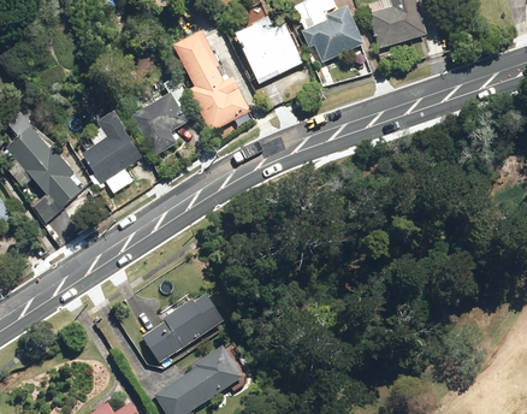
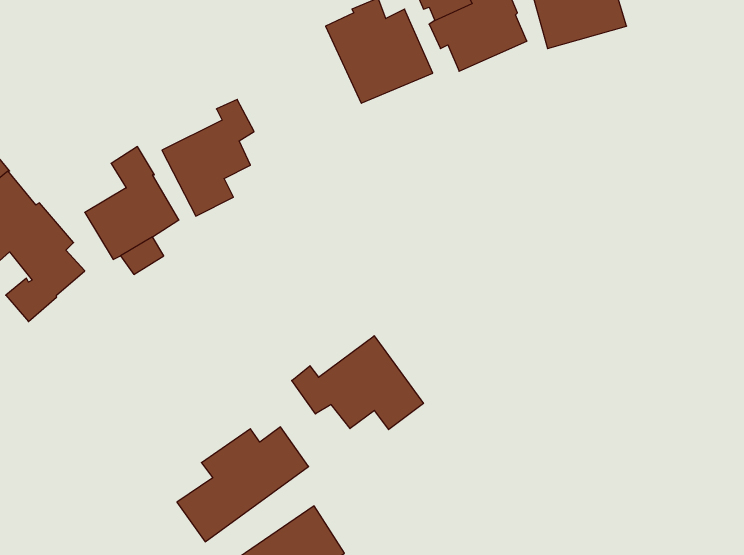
building: [176,34,250,132] -> none
building: none -> [292,336,423,430]

